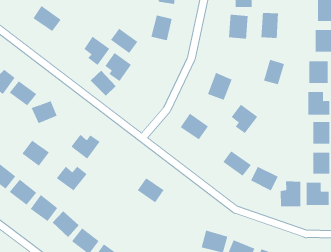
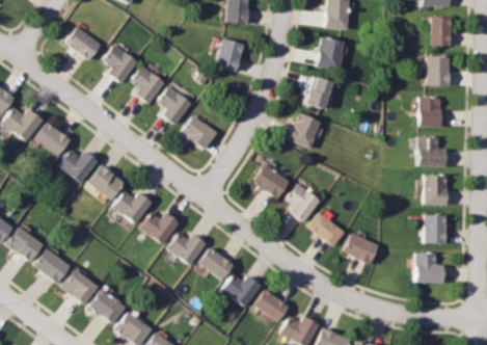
building: [261,12,278,39] -> none
building: none -> [102,44,137,82]
building: [110,28,138,54] -> none
building: [263,59,285,85] -> [305,75,333,108]
building: [90,70,117,97] -> [183,114,217,149]
building: [231,104,258,134] -> [286,183,321,221]
building: [21,140,50,166] -> [88,164,125,198]
building: [56,166,88,191] -> [139,211,180,243]
building: none -> [167,232,207,264]
building: [280,181,301,207] -> none
building: none -> [221,274,261,304]
building: none -> [253,289,289,321]

